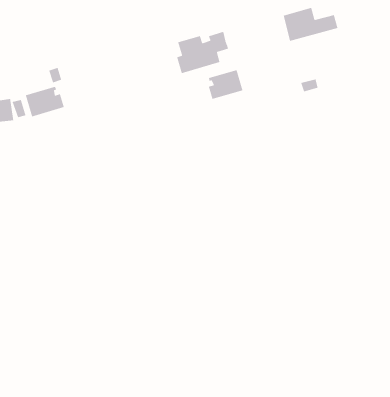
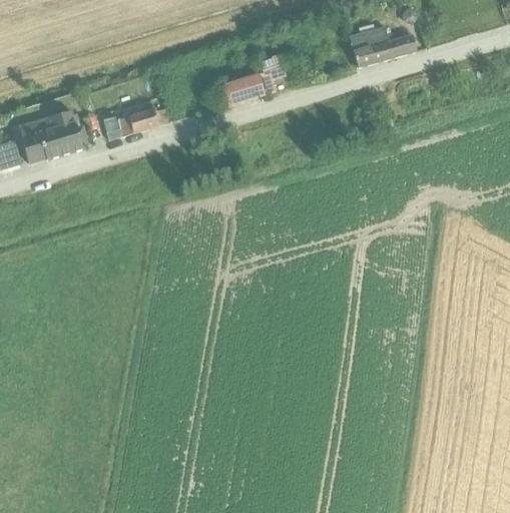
building: [208,69,243,100] -> none
building: none -> [102,106,170,139]

